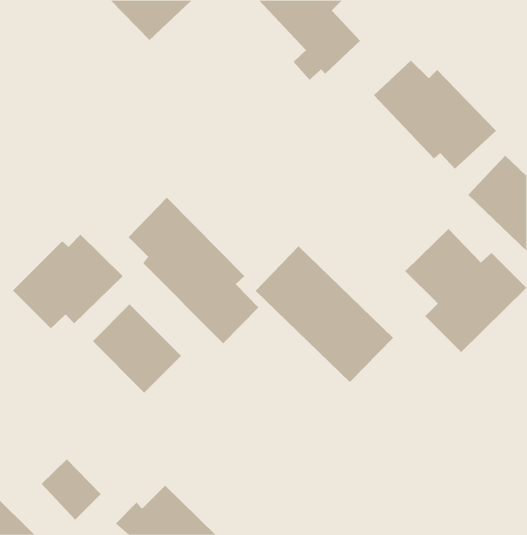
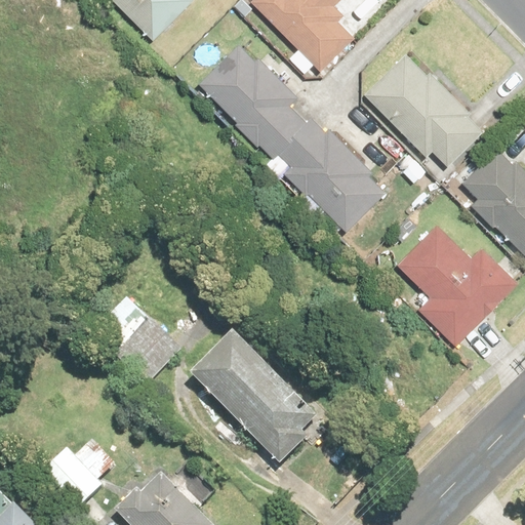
building: none -> [197,41,382,229]
building: [128,197,259,344] -> none
building: [12,234,124,329] -> none
building: [255,246,394,383] -> [194,332,330,467]

